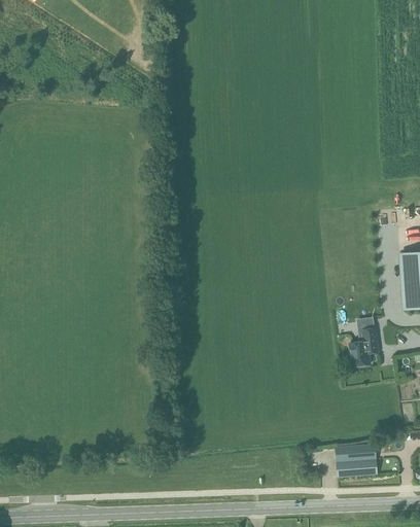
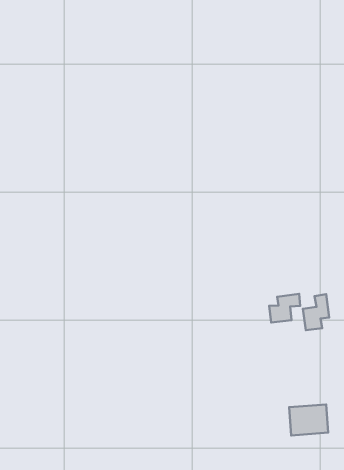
building: none -> [269,294,300,322]

